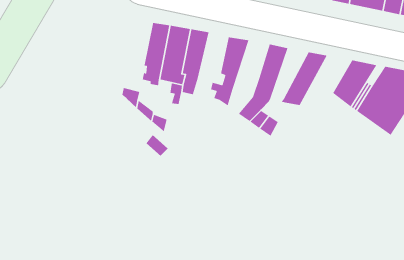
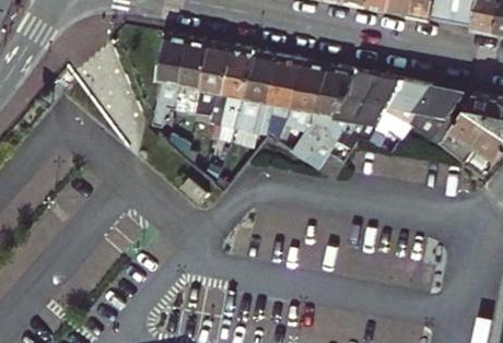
building: none -> [159,36,190,103]
building: none -> [241,52,283,134]
building: none -> [283,62,334,153]
building: none -> [336,72,382,139]
building: none -> [372,81,435,149]

